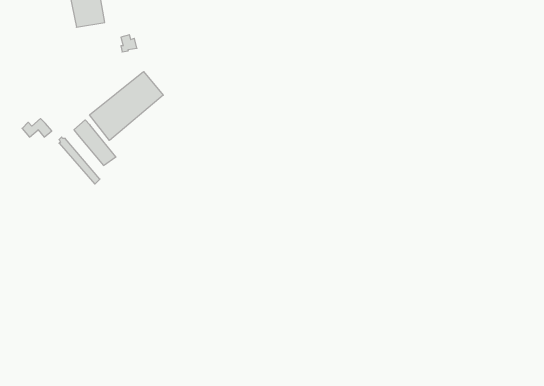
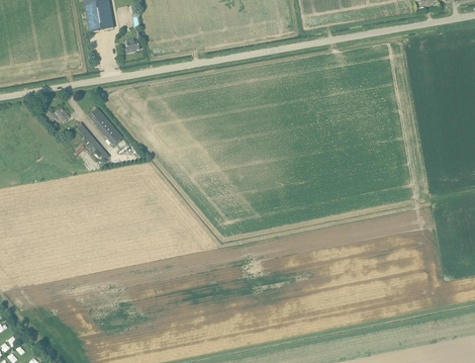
building: [90,72,163,140] -> none

